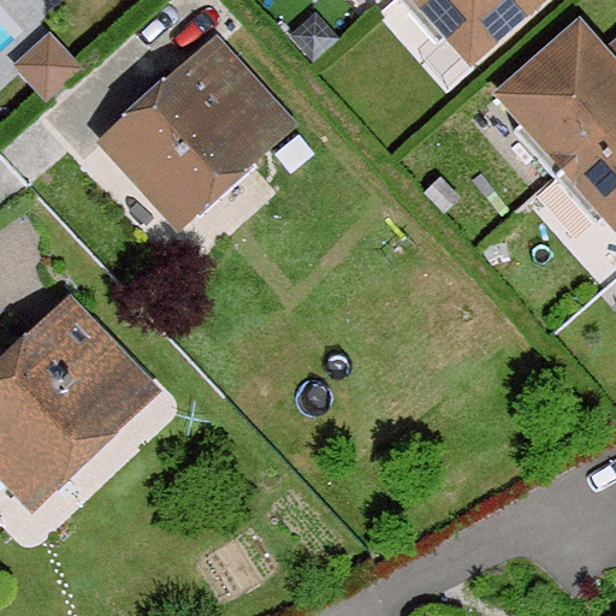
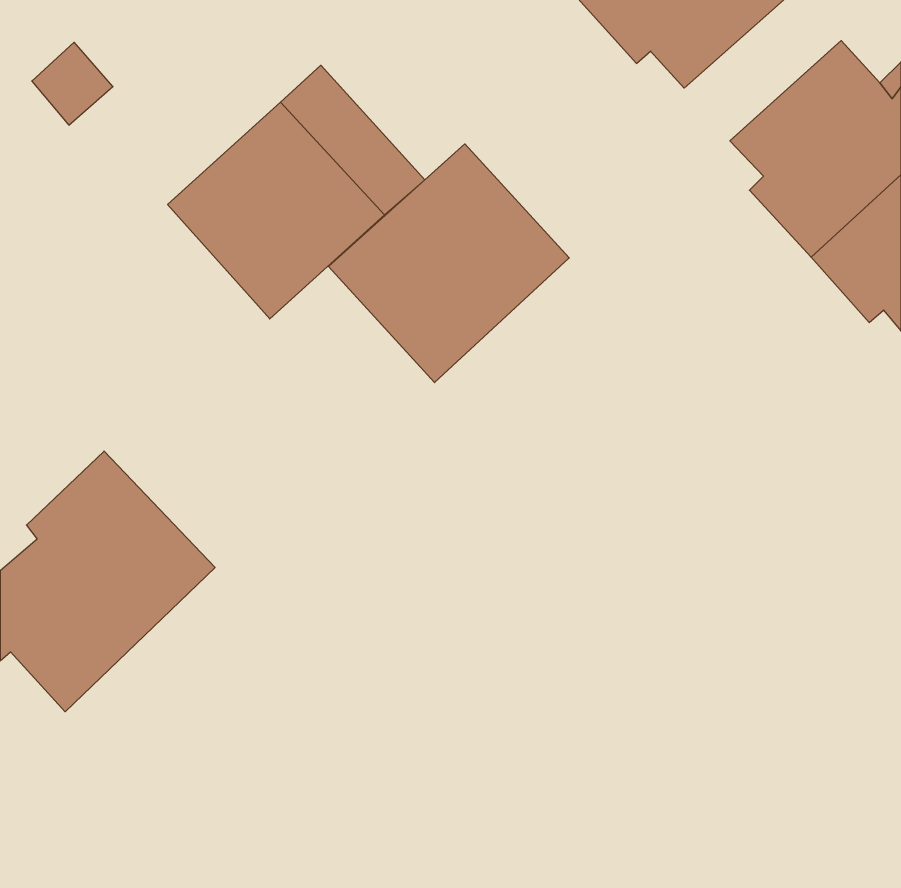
building: none -> [329,144,569,383]

